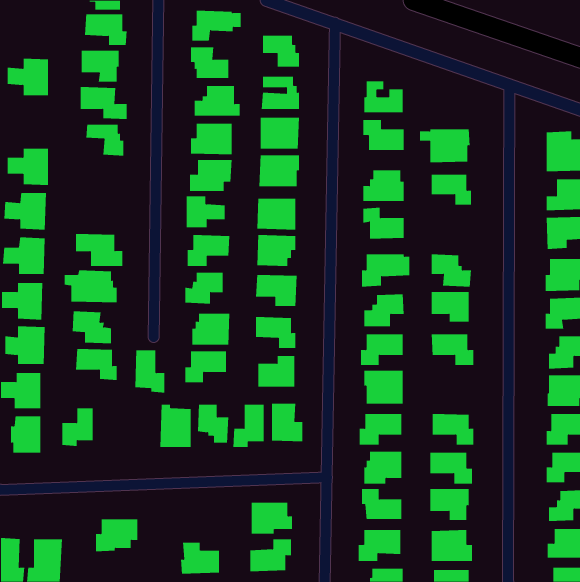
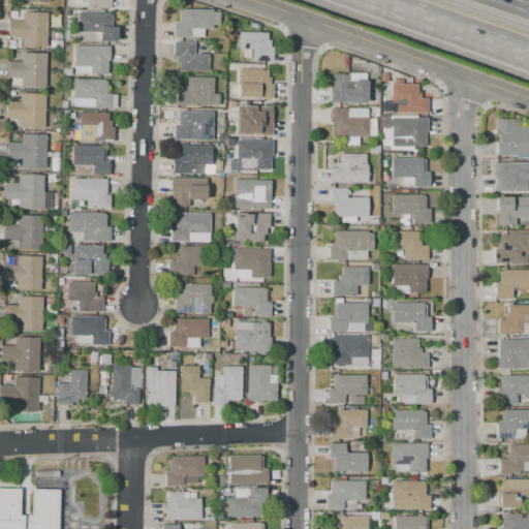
building: none -> [9,12,48,46]
building: none -> [393,84,429,113]
building: none -> [7,94,45,128]
building: none -> [73,146,111,176]
building: none -> [71,179,113,208]
building: none -> [393,195,432,224]
building: [135,350,165,393] -> [112,366,139,405]
building: none -> [393,339,429,369]
building: [95,519,138,552] -> [165,458,205,488]

